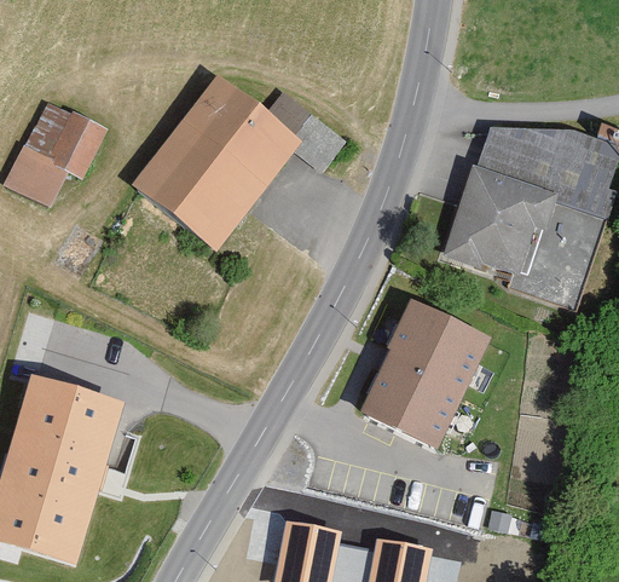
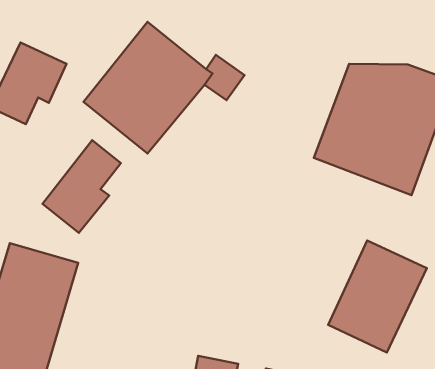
building: none -> [42,140,121,233]
building: [355,298,490,450] -> [328,241,427,352]

